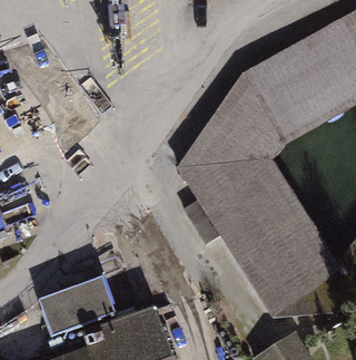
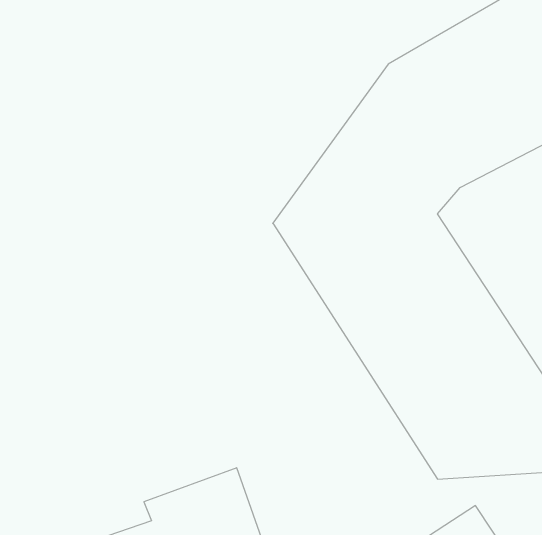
building: [36,276,113,335] -> none

